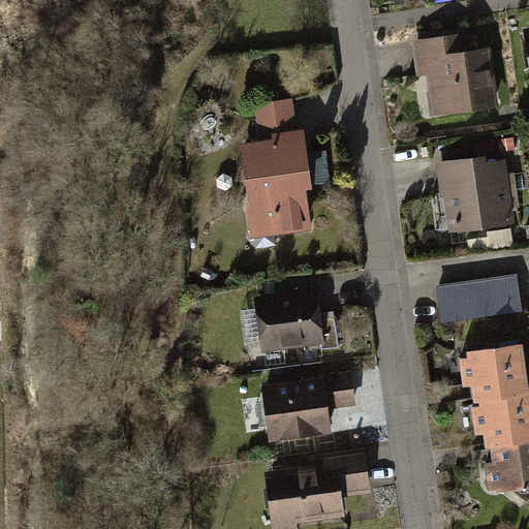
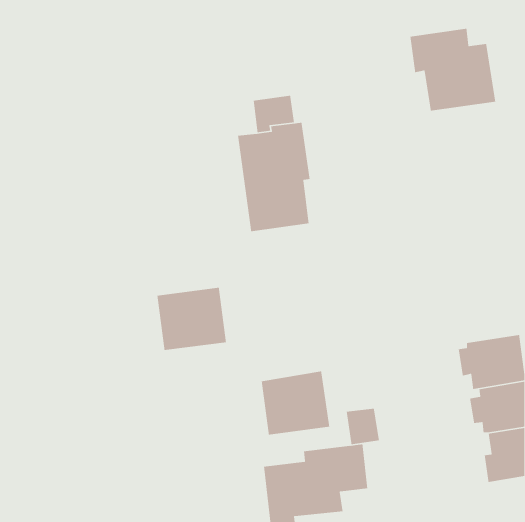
building: [435,155,515,232] -> none
building: [436,276,522,323] -> none
building: [253,289,323,353] -> [157,287,227,351]
building: [322,373,356,410] -> [346,408,380,445]

